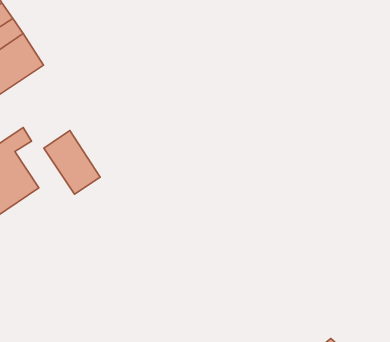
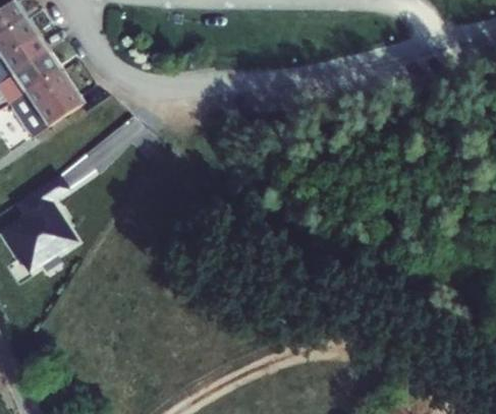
building: [44,131,100,194] -> none

